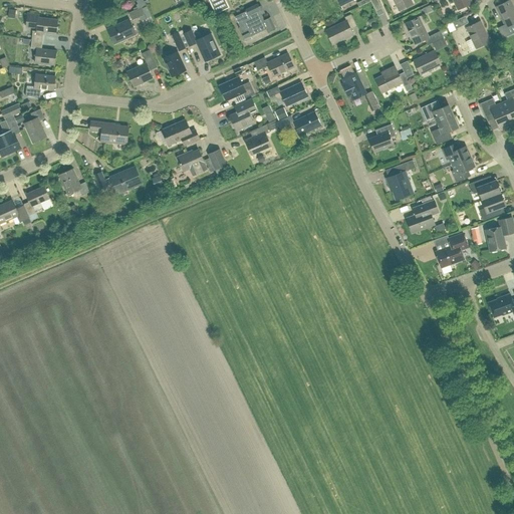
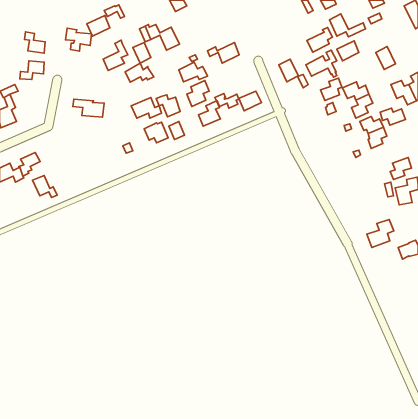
building: [234,4,275,42] -> none
building: [25,13,57,41] -> [65,28,92,51]
building: [325,14,356,44] -> [307,27,332,52]
building: [465,21,489,49] -> [376,47,396,70]
building: none -> [125,63,154,82]
building: [266,82,306,106] -> none
building: [23,109,46,143] -> none
building: none -> [156,95,180,117]
building: [368,124,395,152] -> [321,78,342,100]
building: [386,160,415,199] -> none
building: [94,167,142,195] -> none
building: [58,169,88,196] -> [33,175,57,198]
building: [469,179,500,200] -> [380,108,406,125]
building: [406,200,438,233] -> none
building: [435,233,468,267] -> [367,219,394,247]

